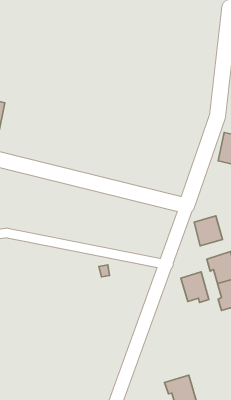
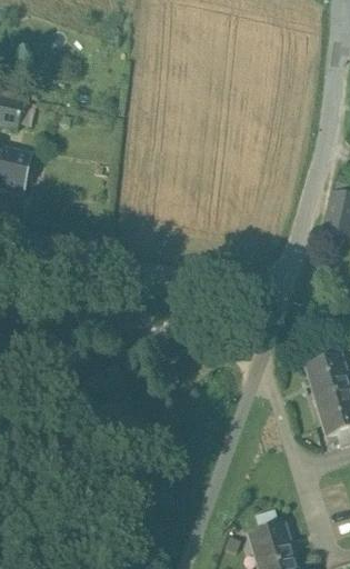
building: [194,216,223,246] -> none
building: [181,272,209,302] -> none

